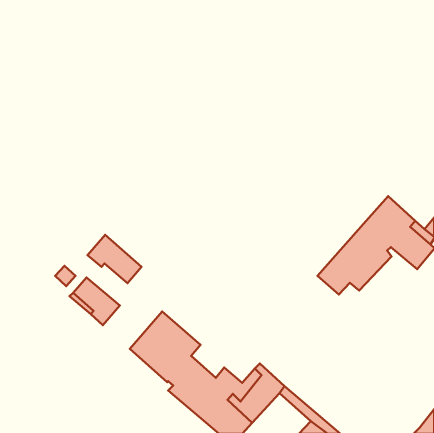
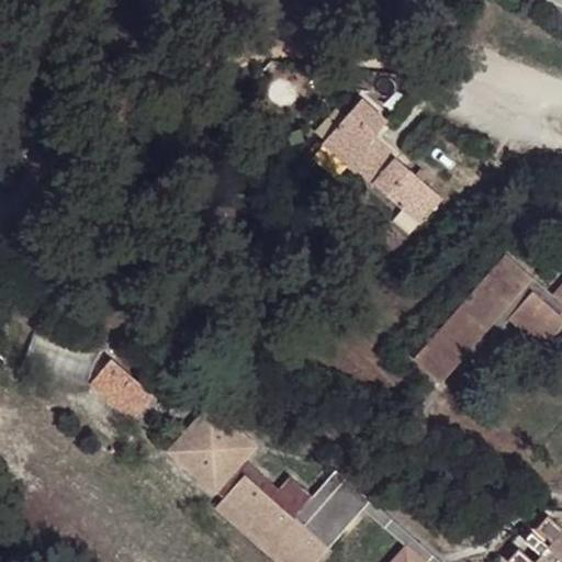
building: none -> [324,108,447,236]
building: [87,235,141,283] -> none

